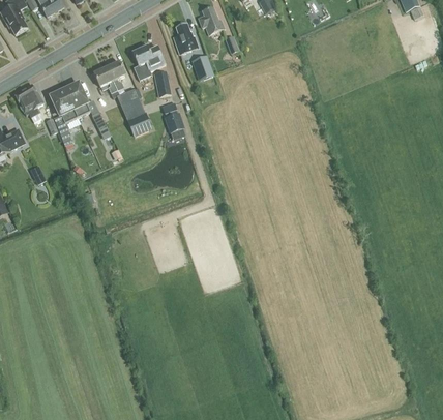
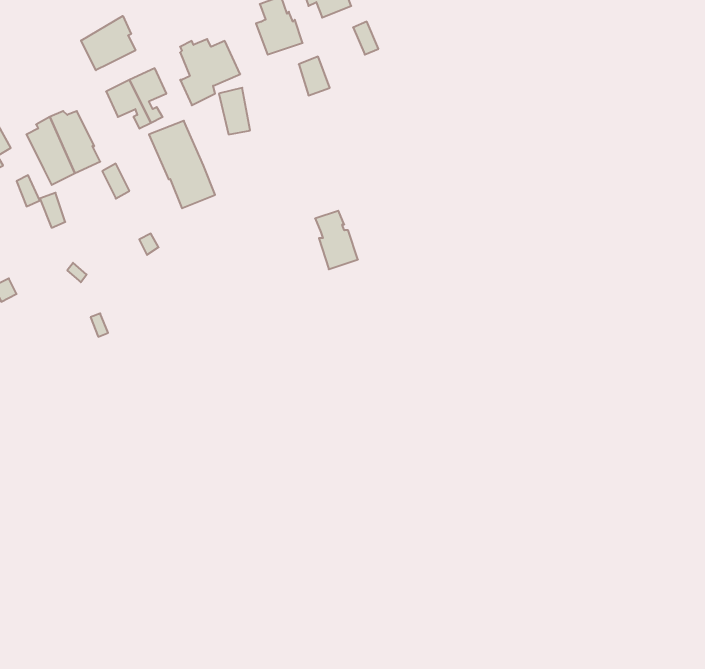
building: none -> [81,16,135,70]
building: [161,102,184,133] -> [315,211,358,269]

